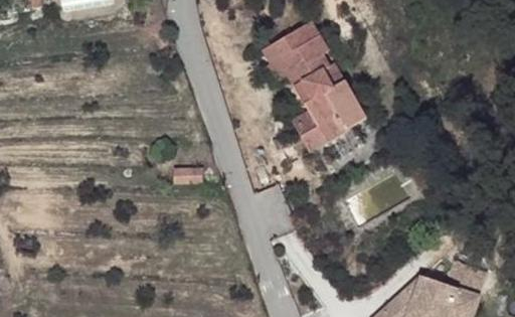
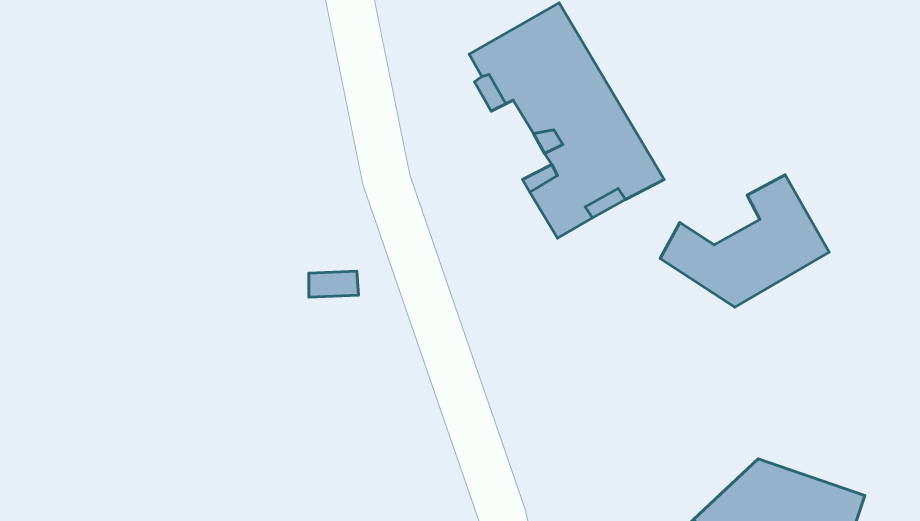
building: none -> [660,175,829,307]

